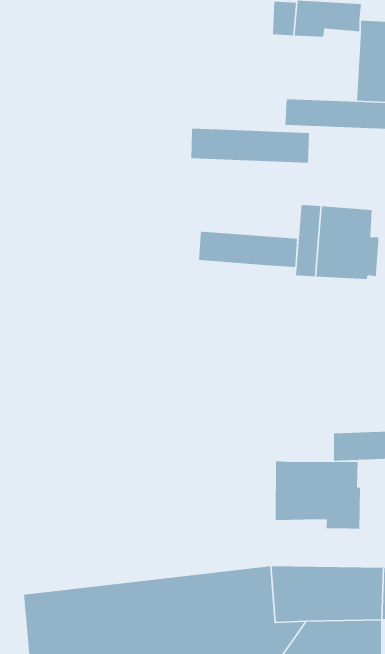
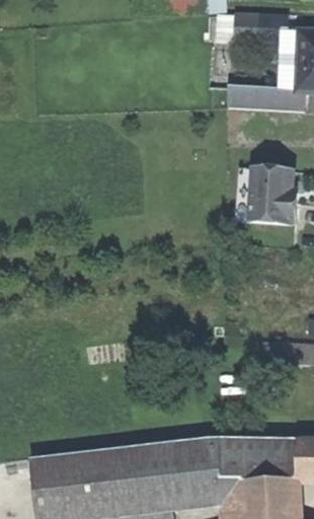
building: [191,128,310,164] -> none
building: [198,231,298,268] -> none
building: [275,460,361,530] -> none

